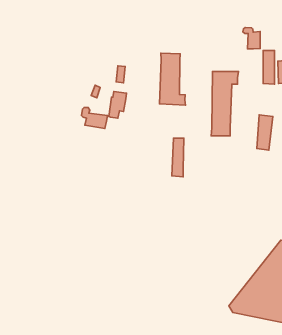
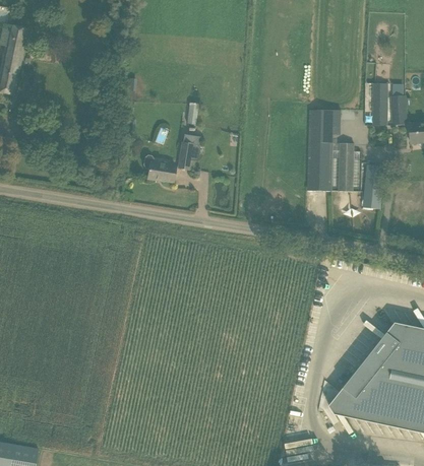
building: [243,28,260,49] -> none
building: [159,53,185,105] -> none
building: [172,138,184,177] -> [339,142,354,191]

